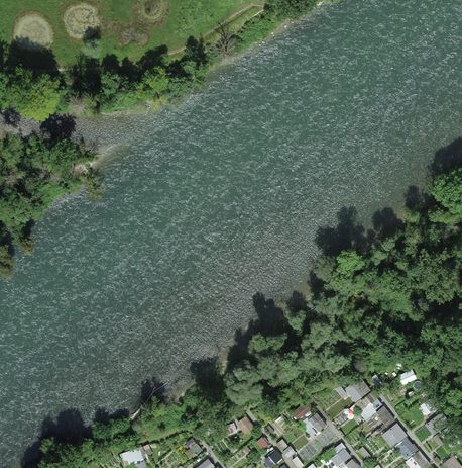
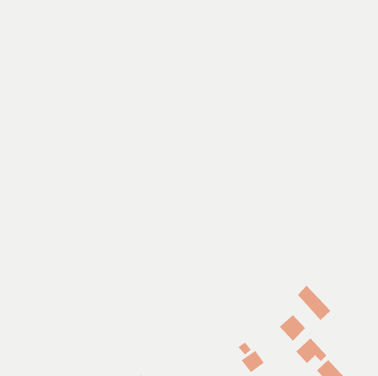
building: none -> [297,285,331,321]

